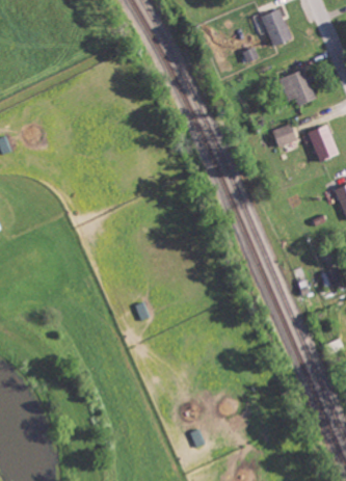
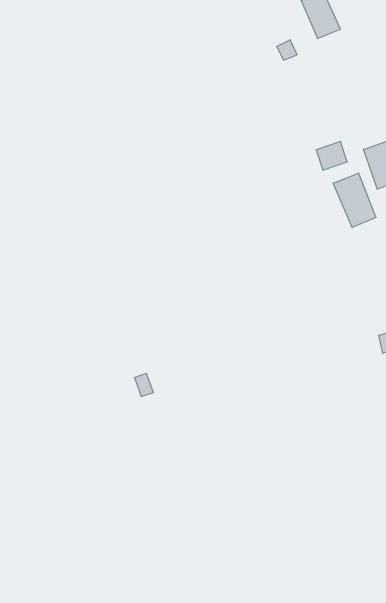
building: [278,69,316,106] -> none
building: none -> [333,173,376,228]

